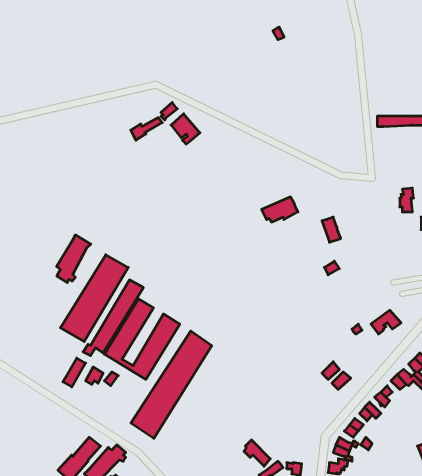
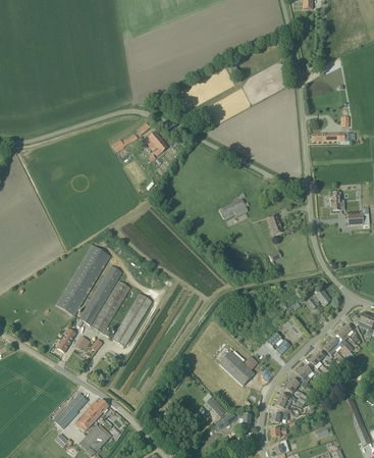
building: [57,235,91,283] -> none
building: [131,331,212,438] -> none
building: none -> [218,351,258,386]

